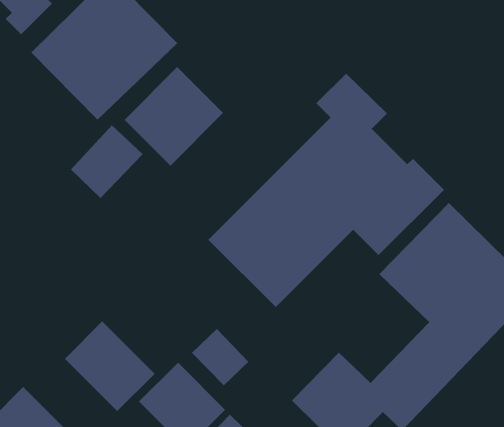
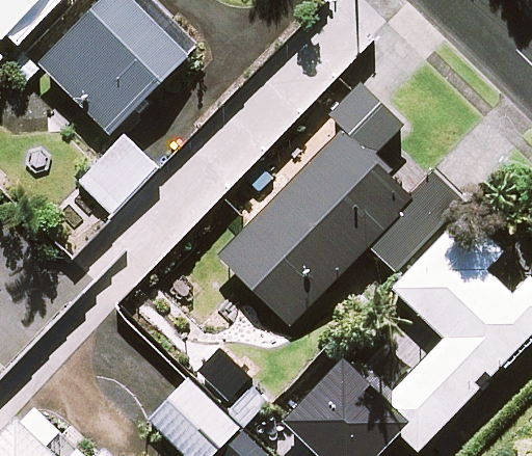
building: [124,66,224,166] -> none
building: [64,321,156,412] -> none

